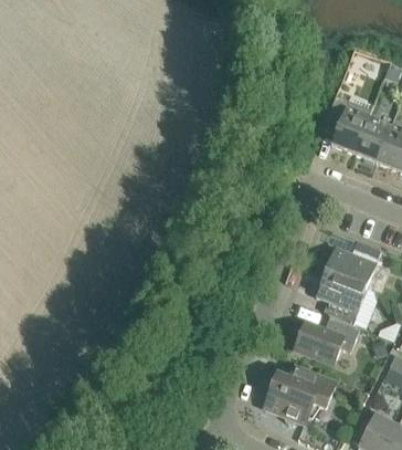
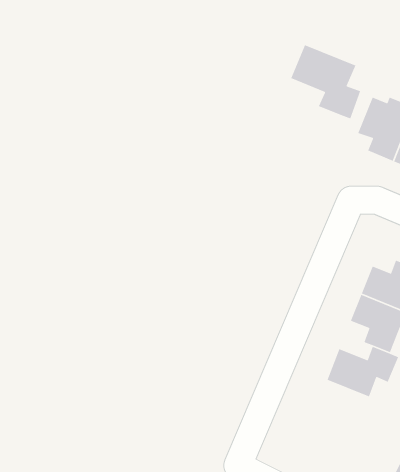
building: none -> [290,44,361,120]
building: [264,366,336,425] -> none

